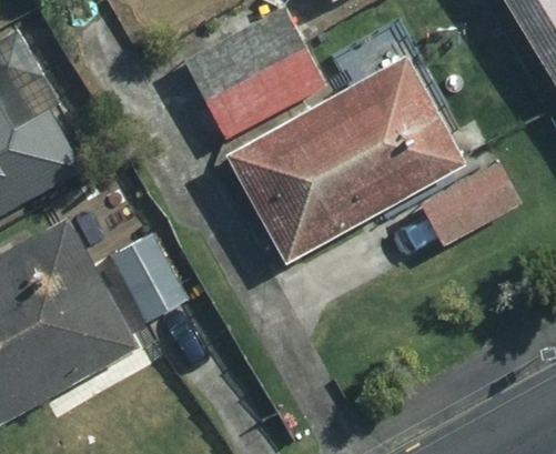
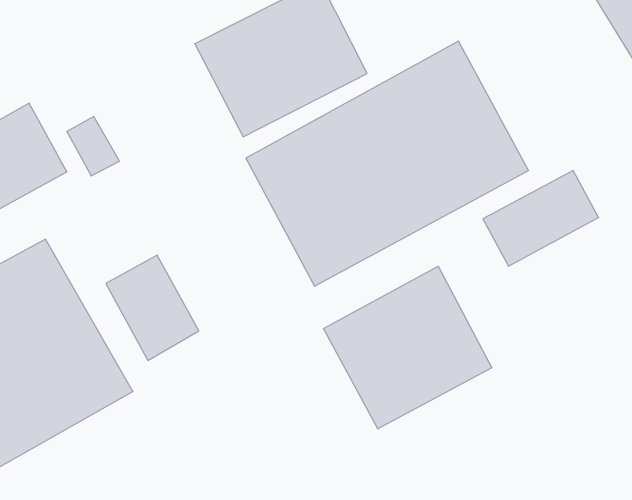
building: none -> [324,266,492,429]

